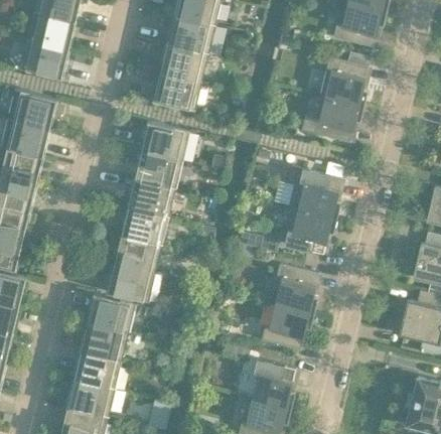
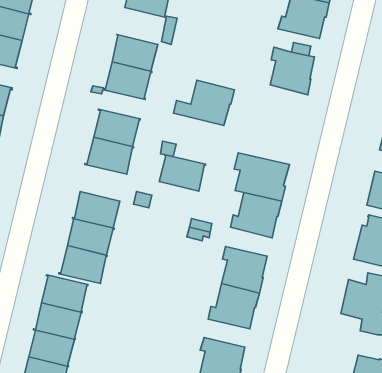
building: [165,16,214,54] -> none
building: [300,97,363,144] -> [174,80,235,126]
building: [127,179,175,218] -> [159,154,206,191]

